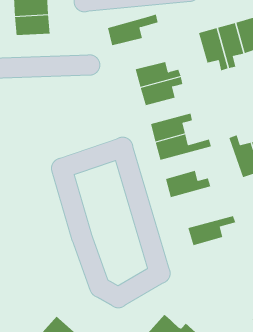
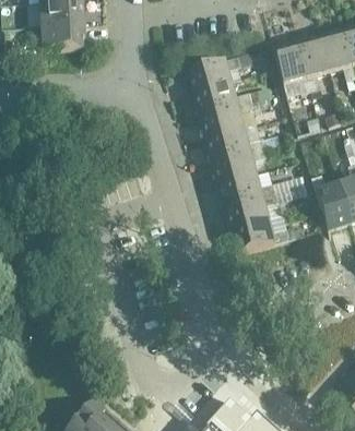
building: [107,14,158,46] -> [188,52,252,93]
building: none -> [206,129,264,161]
building: [188,216,236,246] -> [225,192,286,230]

